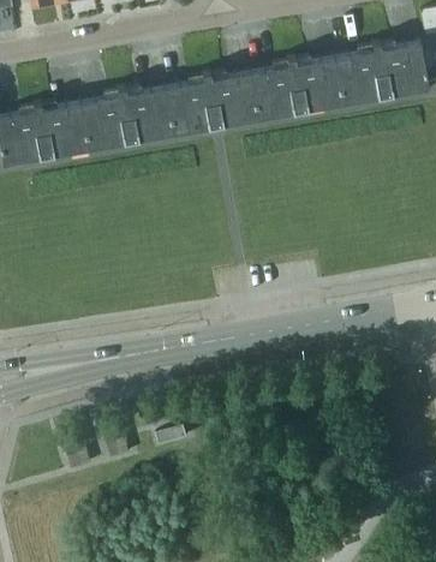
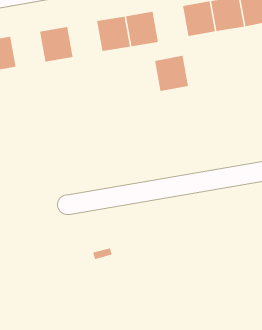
building: [246,65,298,120] -> [154,55,189,92]
building: [119,88,169,143] -> none
building: [34,103,84,157] -> none

